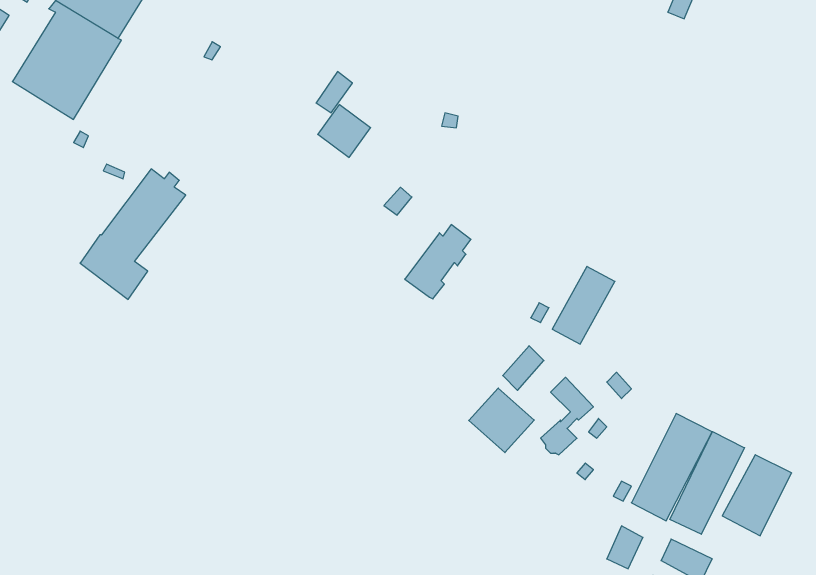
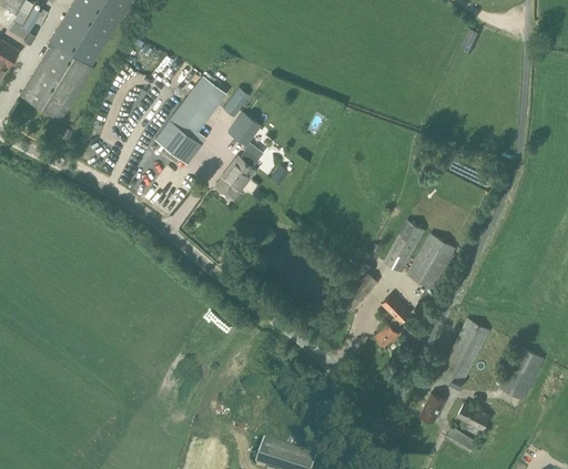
building: [80,169,186,299] -> [155,75,226,163]
building: [405,225,471,299] -> [215,150,260,200]
building: none -> [407,233,456,288]
building: [469,388,534,453] -> none
building: [670,432,745,534] -> none

